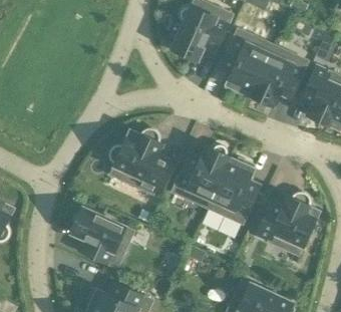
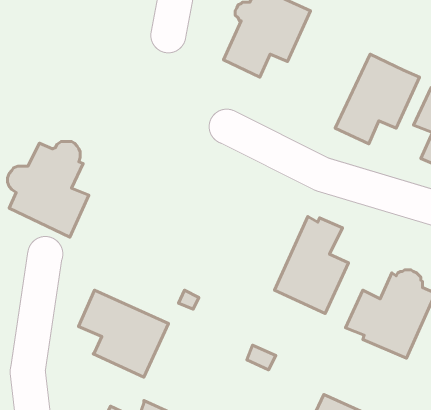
building: [223,29,274,96] -> none
building: [109,129,165,196] -> [8,142,89,237]
building: [173,145,231,209] -> none

